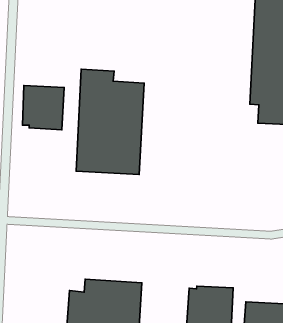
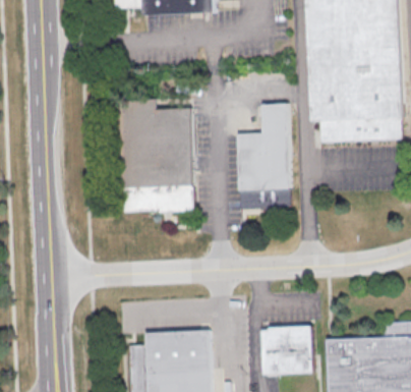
building: [23,86,64,130] -> none
building: none -> [236,104,291,209]

